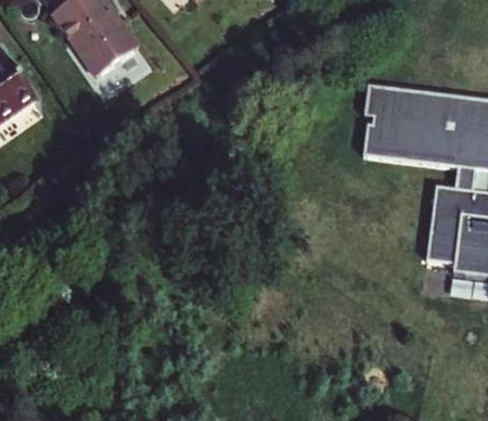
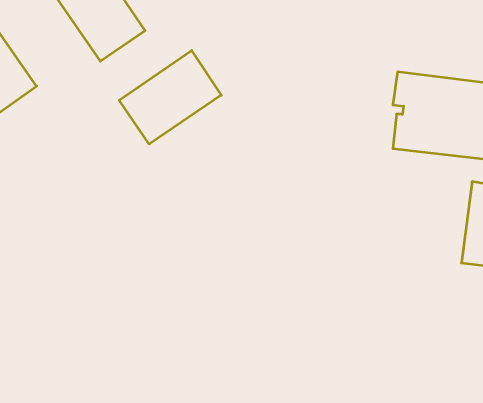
building: none -> [119,50,221,144]

